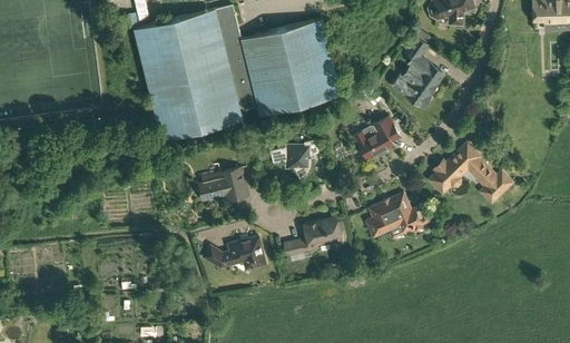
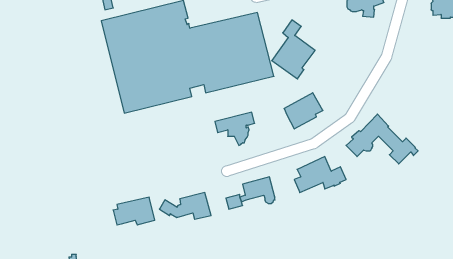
building: [392,37,444,108] -> [272,20,315,79]
building: [198,167,248,200] -> [113,197,155,225]

